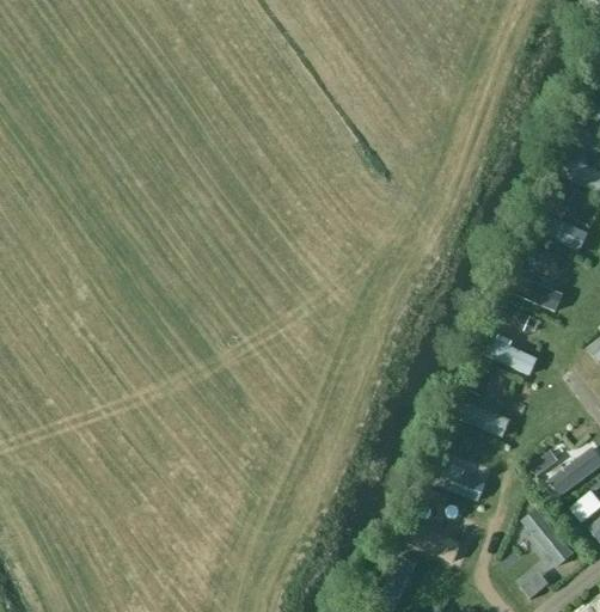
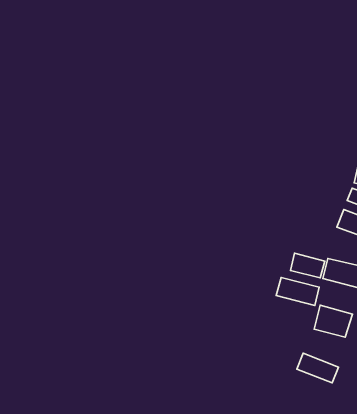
building: none -> [290,253,325,278]
building: none -> [276,277,319,306]

